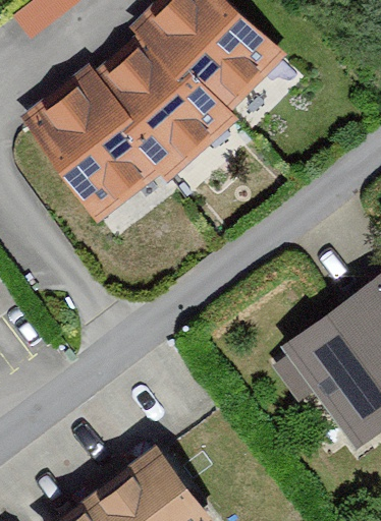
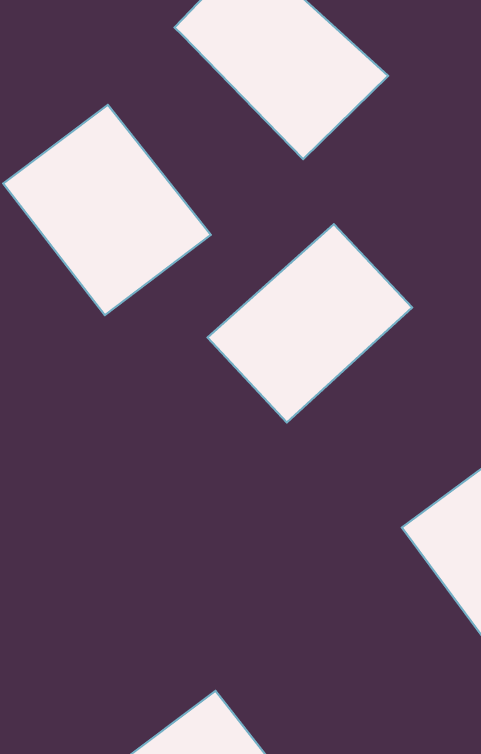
building: [93,25,232,175] -> none
building: none -> [208,224,412,422]

